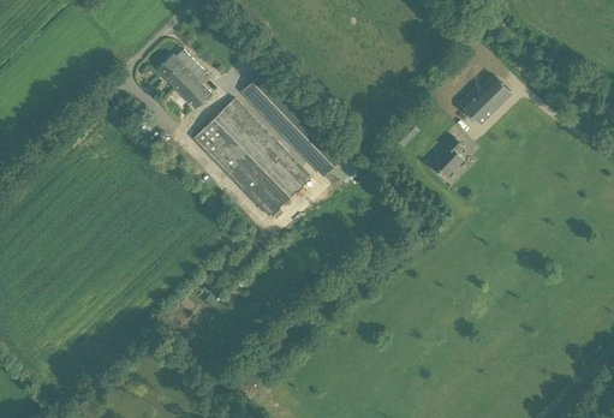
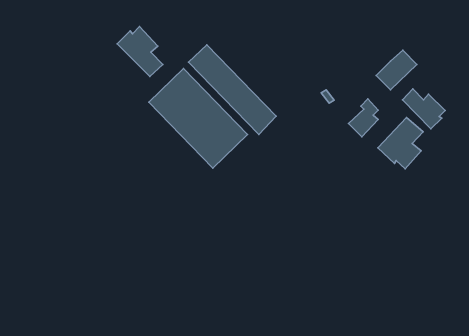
building: none -> [403,89,445,129]
building: none -> [378,117,423,169]

